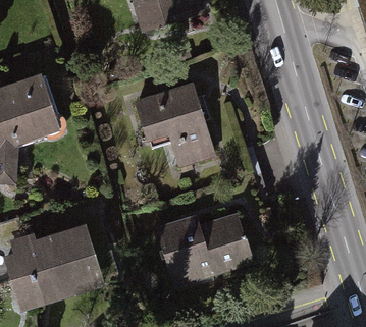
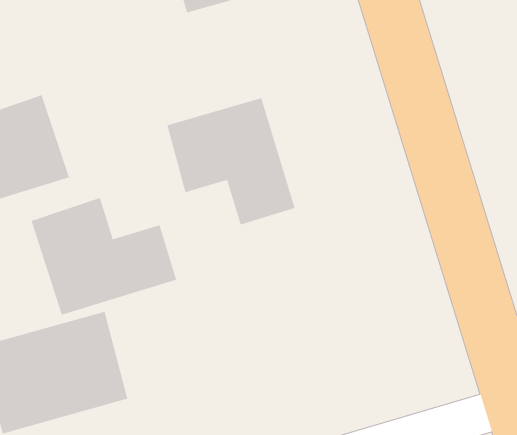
building: none -> [31,197,177,315]
building: [155,211,250,284] -> none

